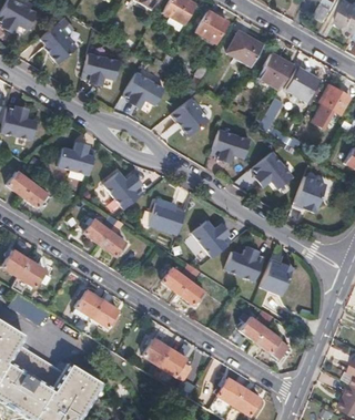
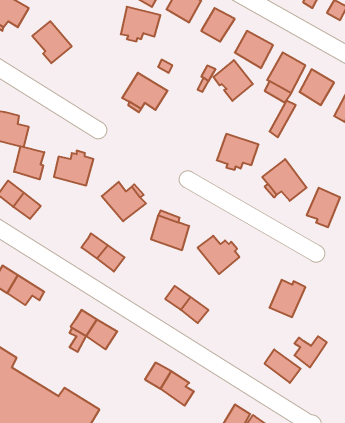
building: [81,51,118,83] -> [121,7,160,41]
building: [171,96,207,134] -> [213,60,253,101]
building: none -> [14,146,44,179]
building: [224,249,264,281] -> none
building: [240,310,270,339] -> [294,336,327,367]

